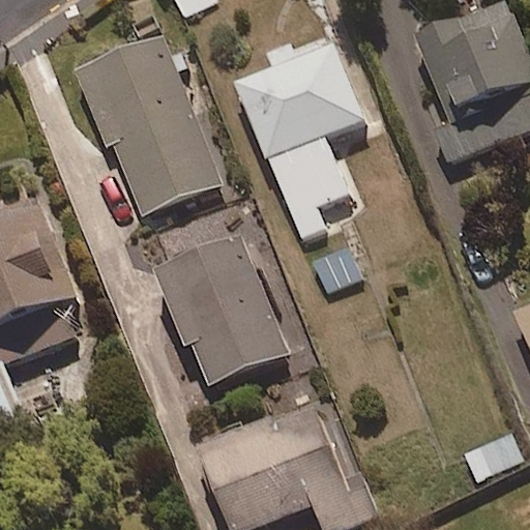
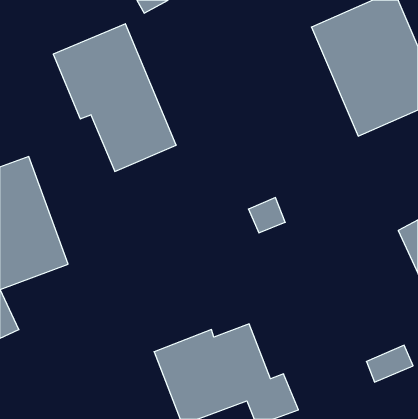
building: [235,38,367,243] -> none
building: [155,230,292,388] -> none

